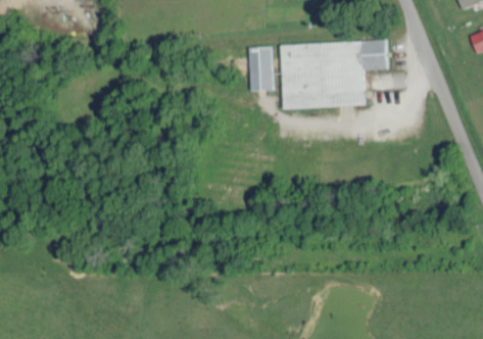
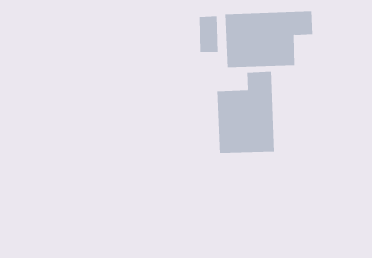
building: none -> [217,71,275,154]

